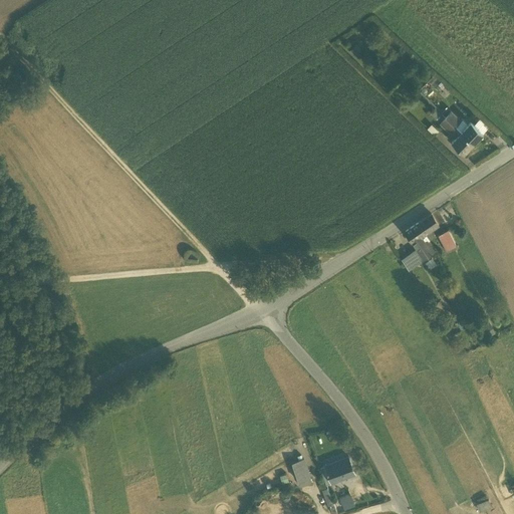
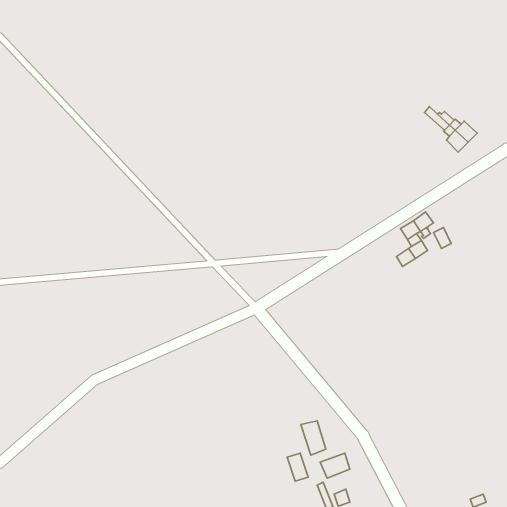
building: none -> [301,421,326,455]

